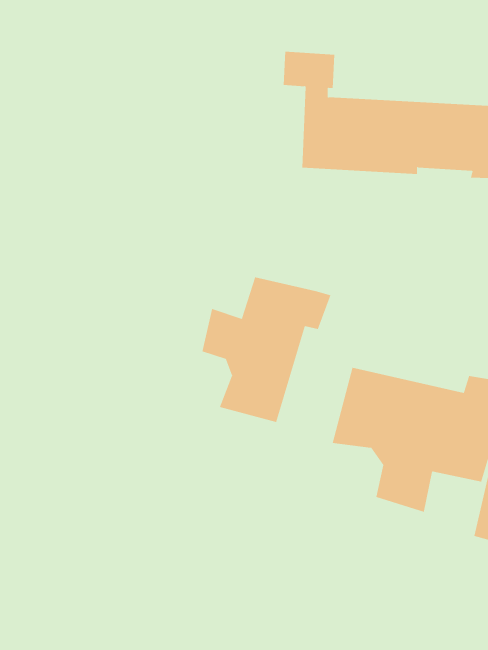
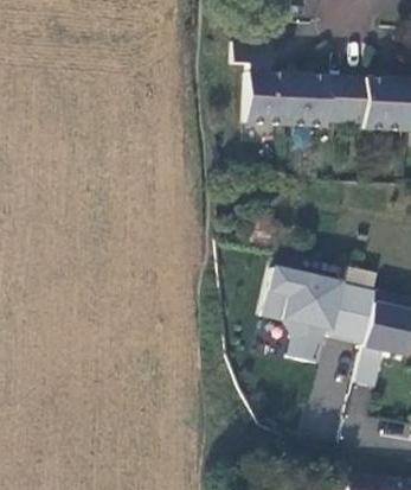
building: [202,276,331,423] -> none

